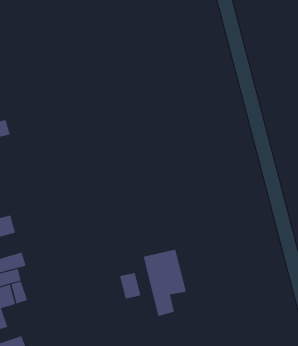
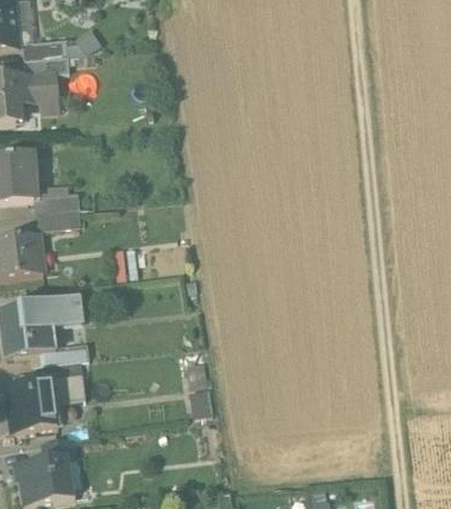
building: [143,249,187,317] -> none

